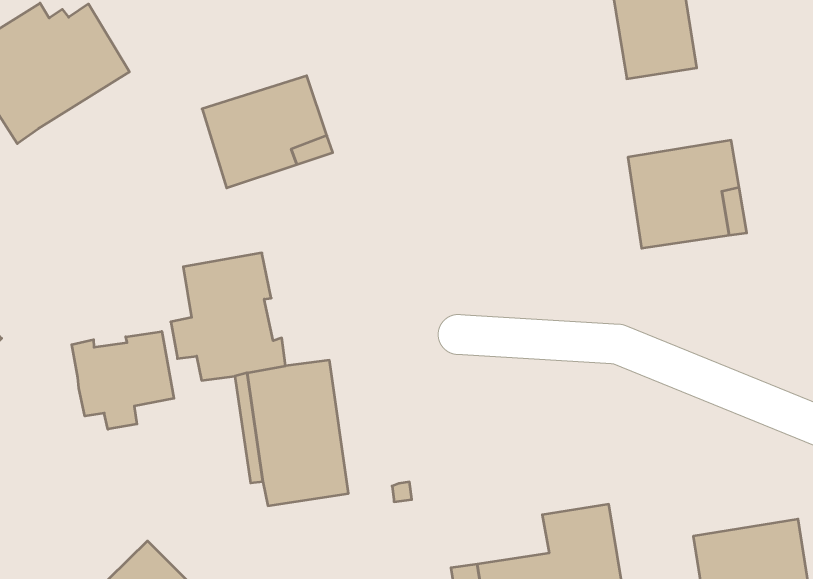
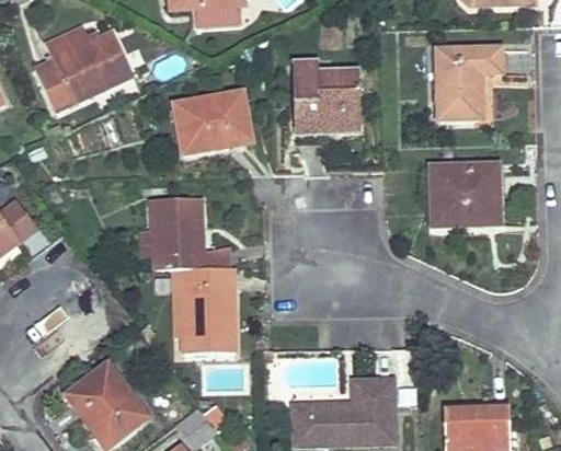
building: none -> [293,63,362,129]
building: [72,331,174,429] -> none

